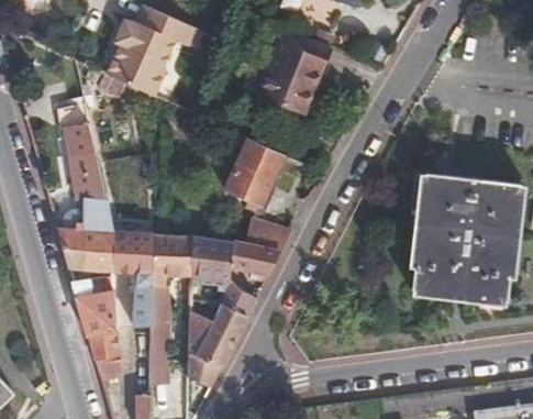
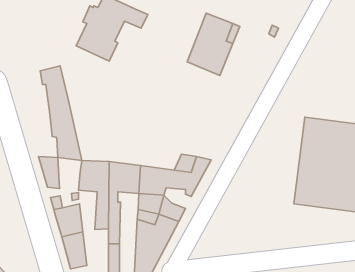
building: [226,135,282,206] -> none
building: [82,228,115,273] -> none

